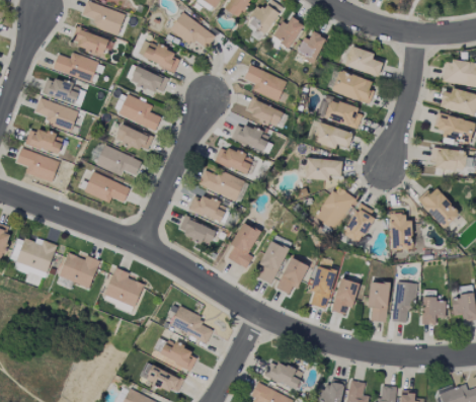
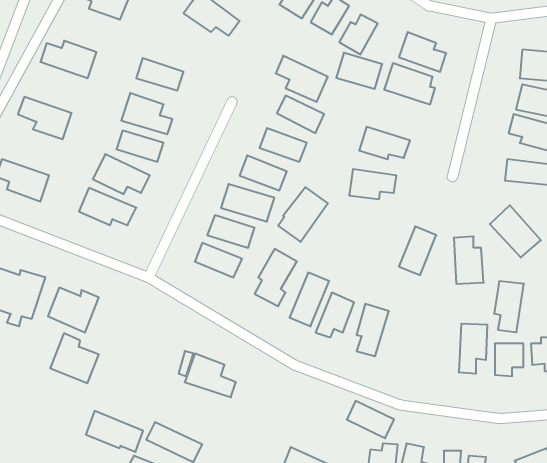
building: [71,28,109,55] -> none
building: [138,39,179,71] -> none
building: [43,77,86,105] -> none
building: [324,99,362,129] -> [336,53,382,89]
building: [25,127,64,155] -> none
building: [315,186,355,231] -> [278,187,328,242]
building: [104,267,144,308] -> [50,333,99,383]
building: [332,278,359,314] -> none
building: [367,282,391,323] -> [494,281,524,332]
building: [151,338,197,372] -> [86,411,143,452]
building: [264,359,303,390] -> [347,401,394,438]

